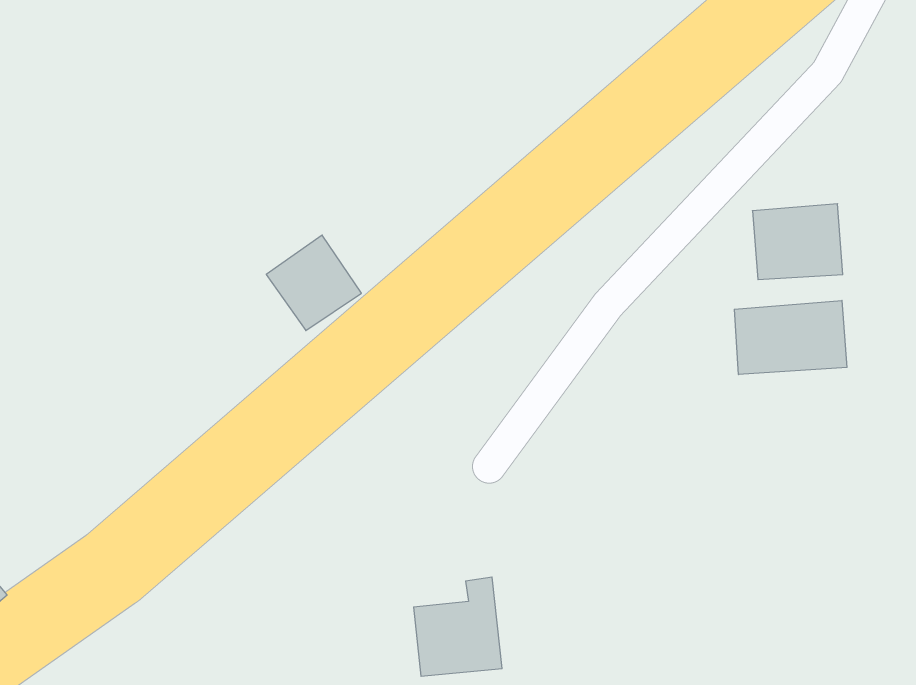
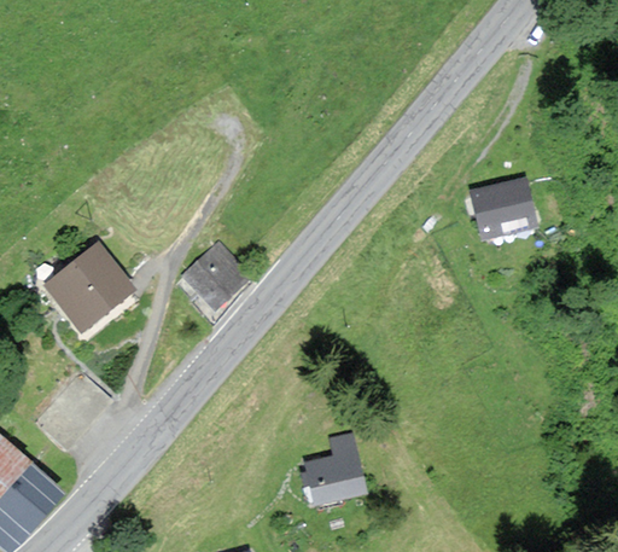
building: none -> [49,246,130,326]
building: [734,300,847,375] -> none

